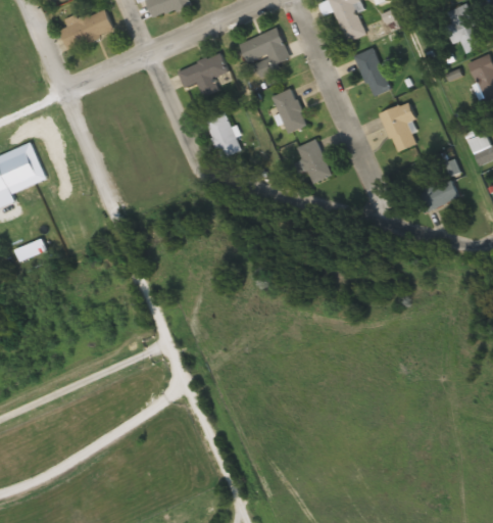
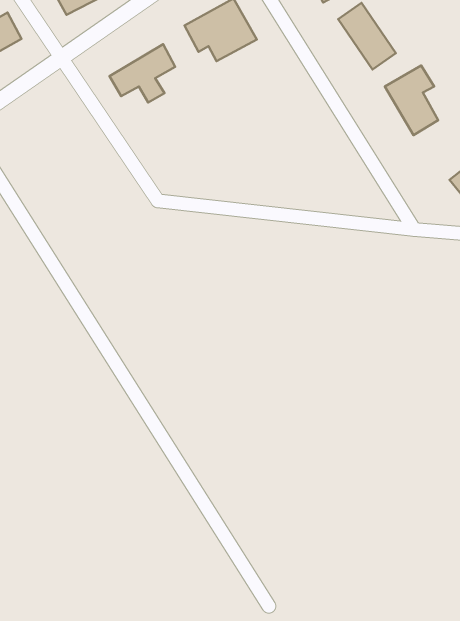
building: [270,88,306,133] -> none
building: [203,111,241,158] -> none
building: [296,139,332,184] -> none

